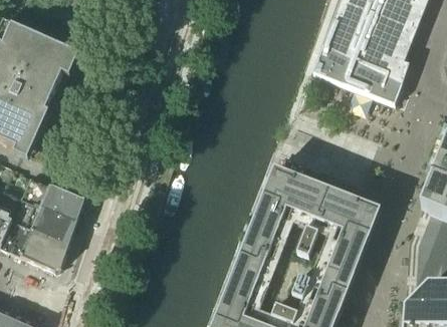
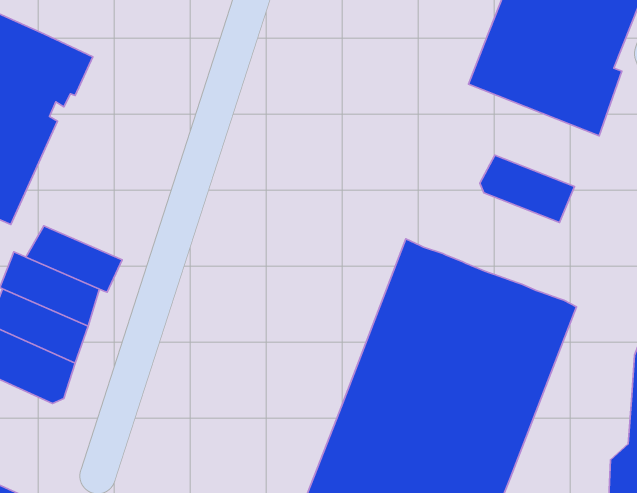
building: none -> [480,155,575,222]
building: none -> [26,226,122,292]

